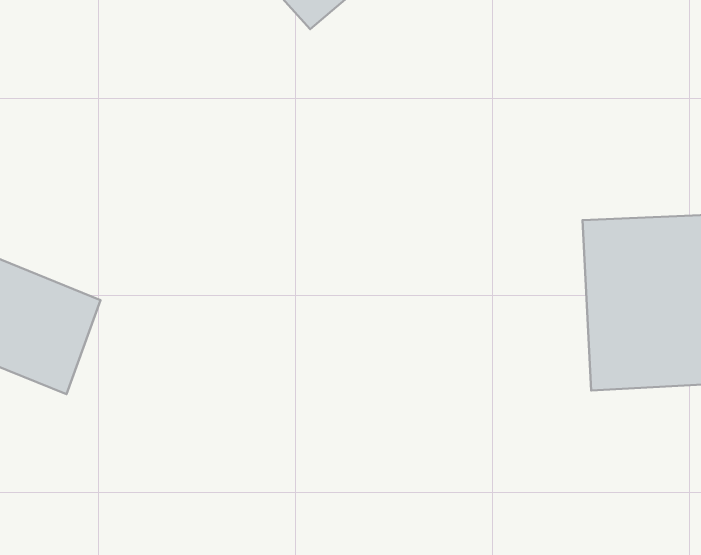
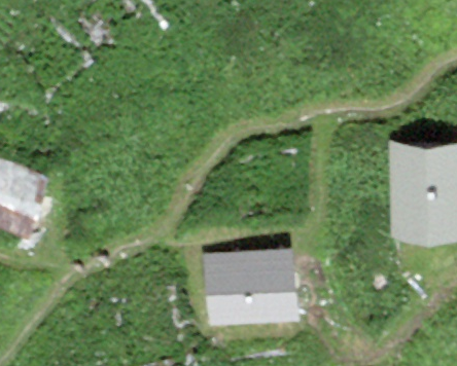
building: none -> [206,256,285,326]

